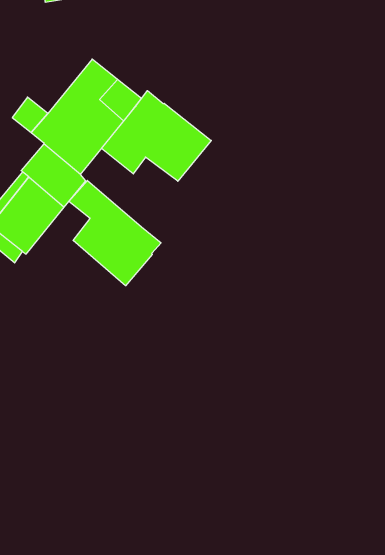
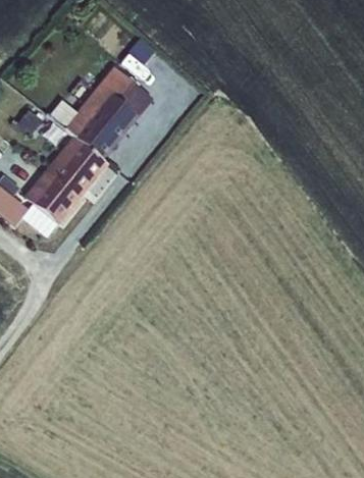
building: [102,91,211,181] -> none
building: [69,180,161,286] -> none

